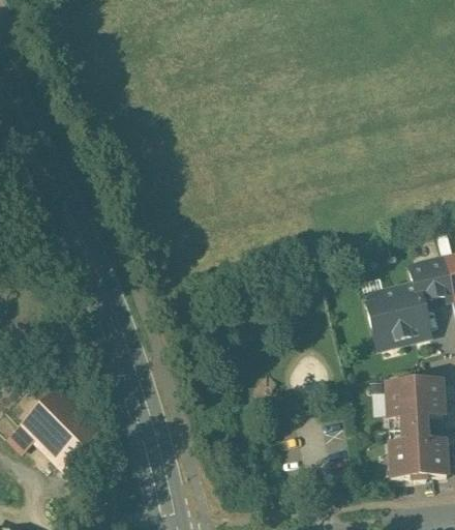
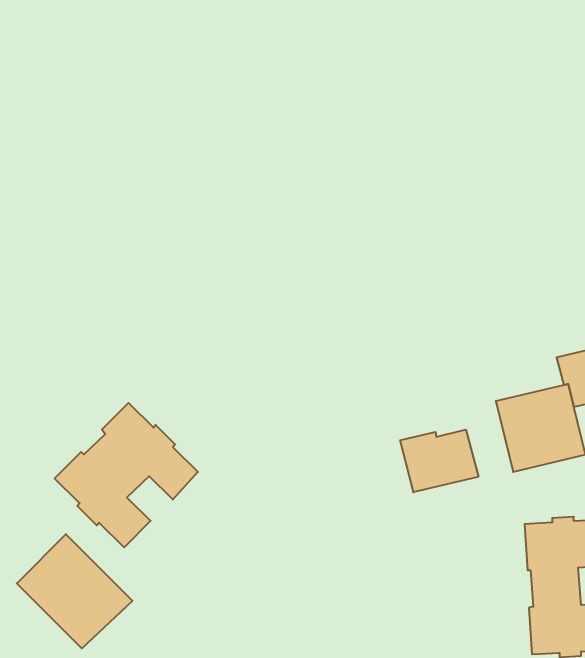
building: none -> [55,403,198,547]
building: none -> [400,430,478,492]

